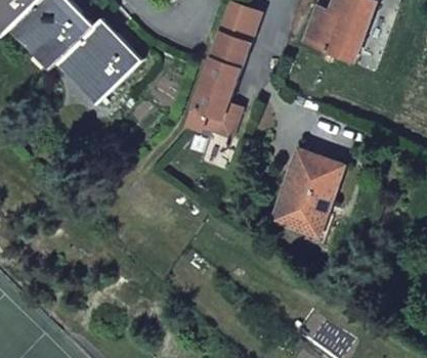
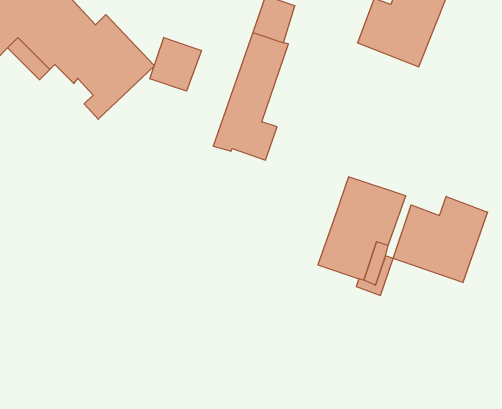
building: none -> [150,37,201,91]
building: none -> [393,196,488,283]

